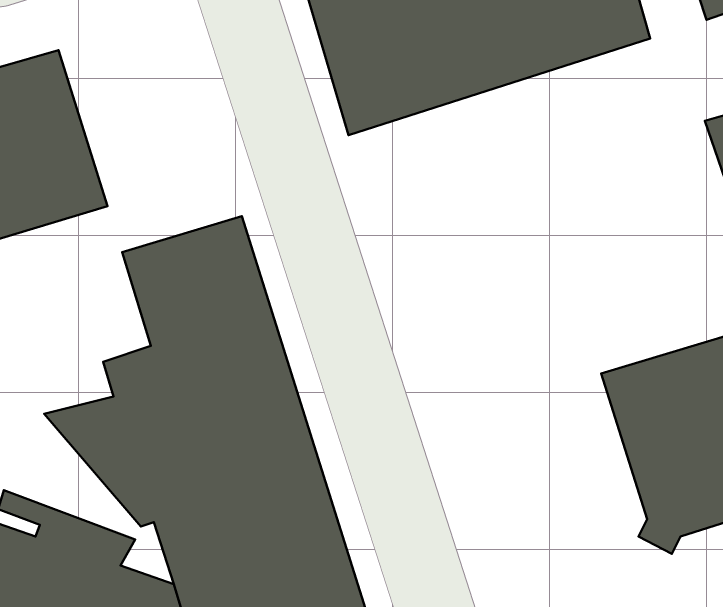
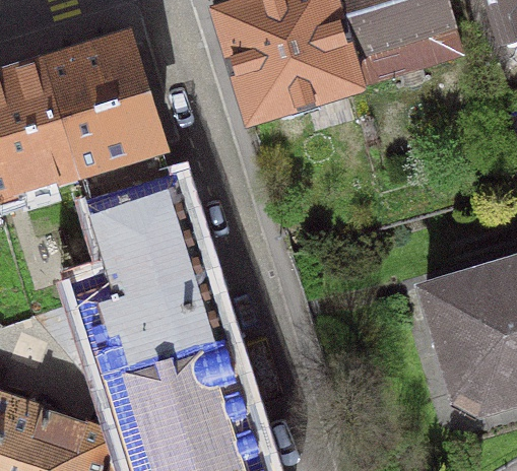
building: none -> [42,36,171,204]

